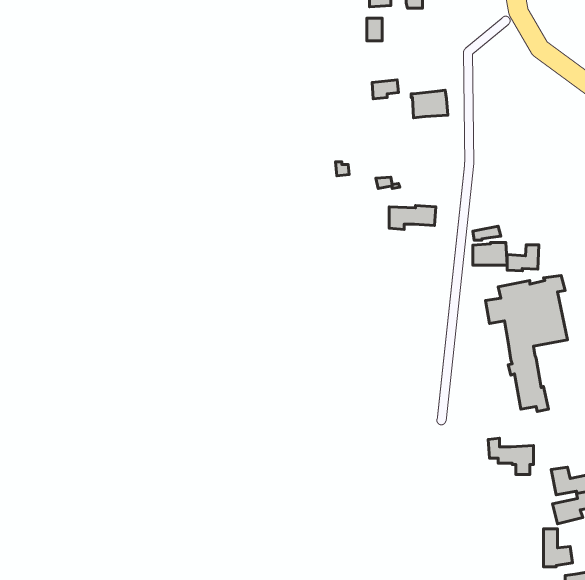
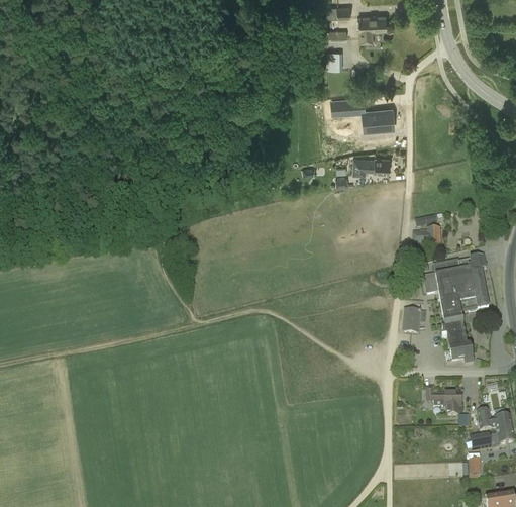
building: [389,205,436,229] -> [353,156,391,175]
building: [507,245,539,271] -> none
building: none -> [402,309,421,333]

